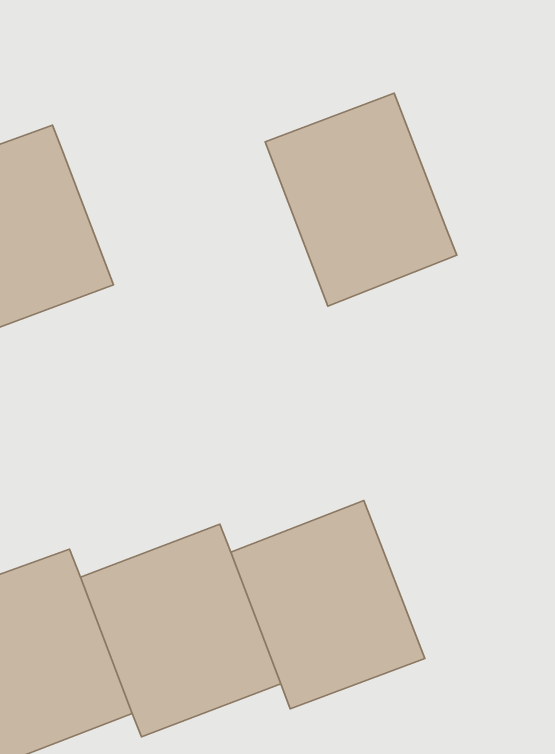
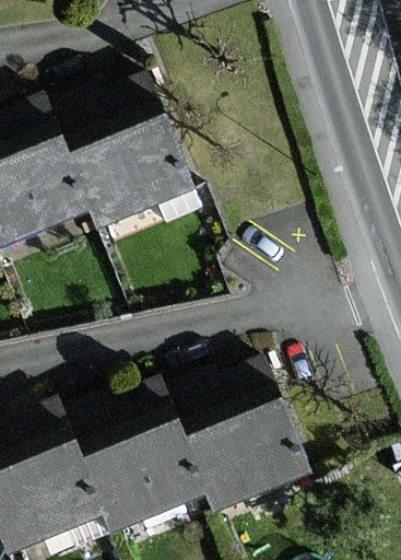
building: [265,93,457,306] -> none
building: none -> [54,93,189,238]

